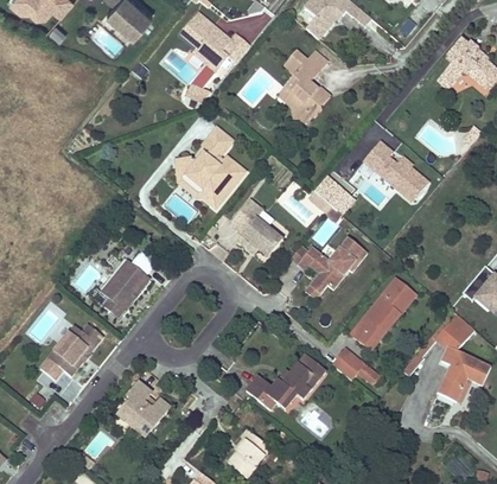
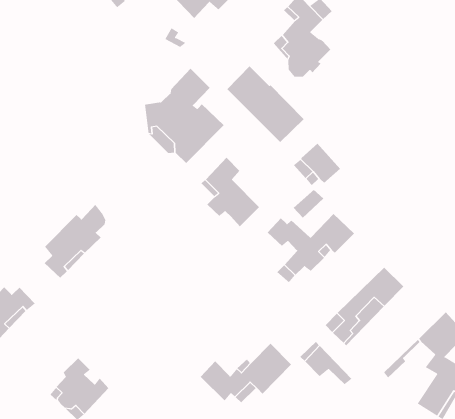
building: [363,140,433,204] -> [227,65,305,143]

